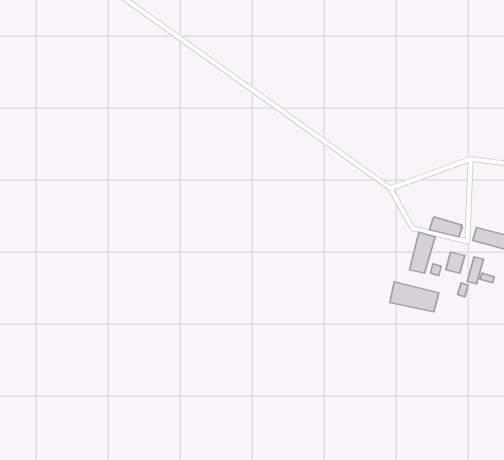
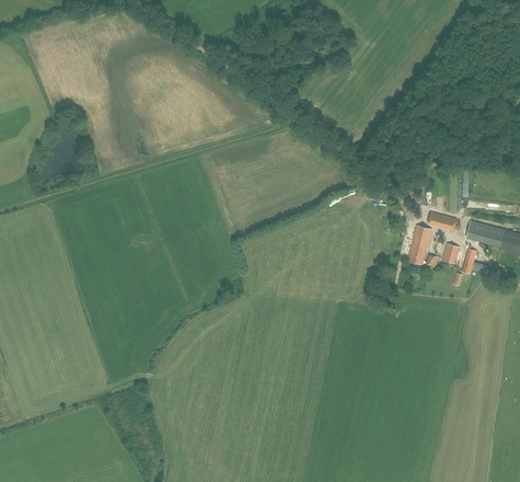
building: [390,282,439,312] -> none

